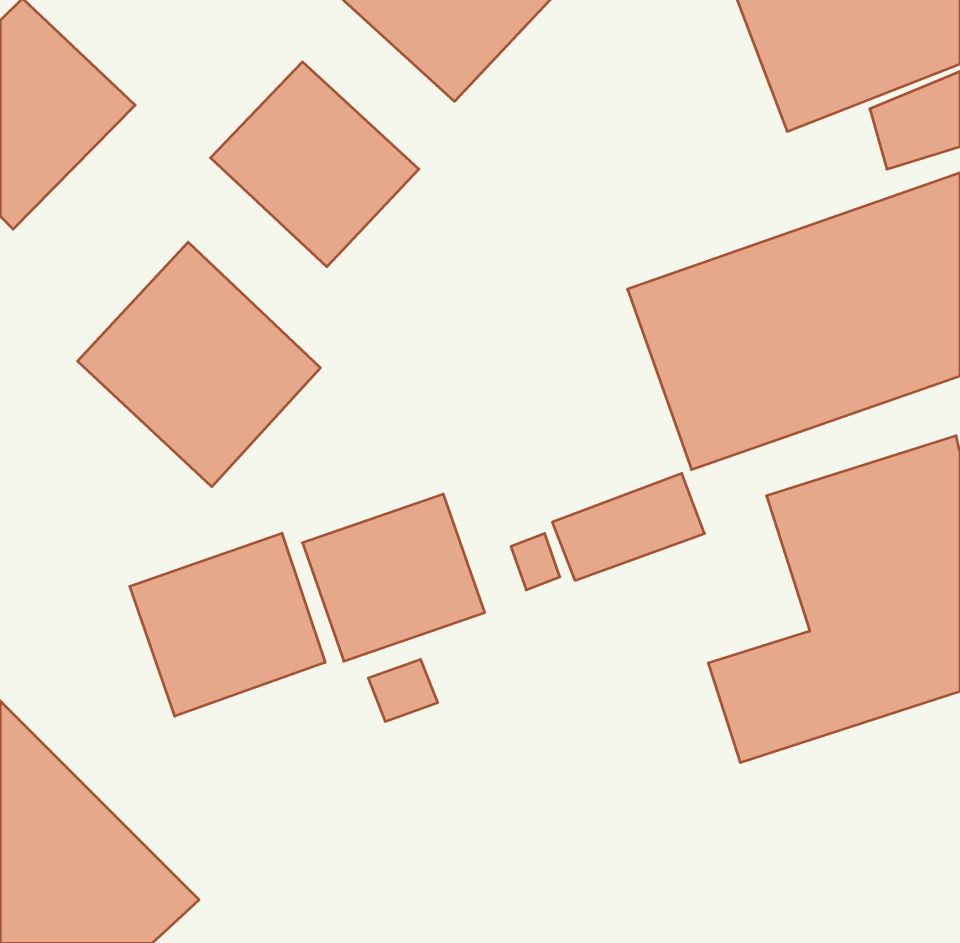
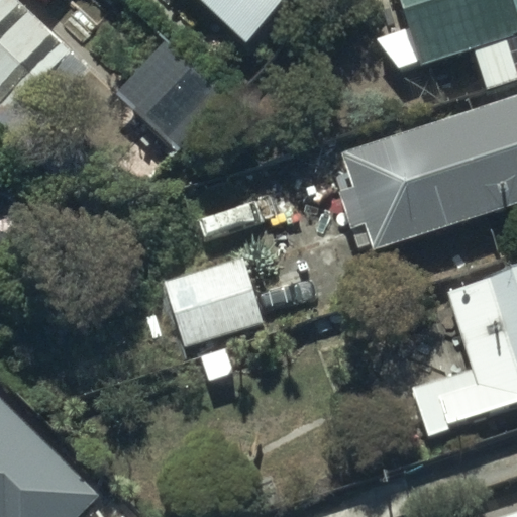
building: [78,242,320,487] -> none
building: [130,533,325,716] -> none

